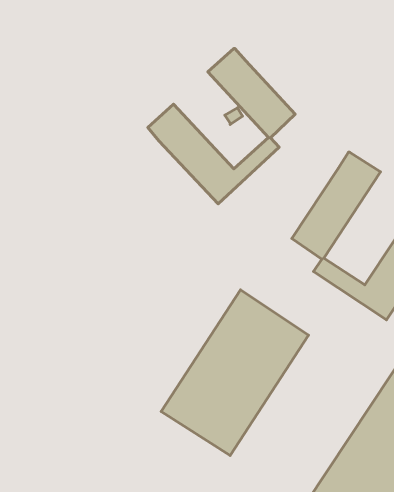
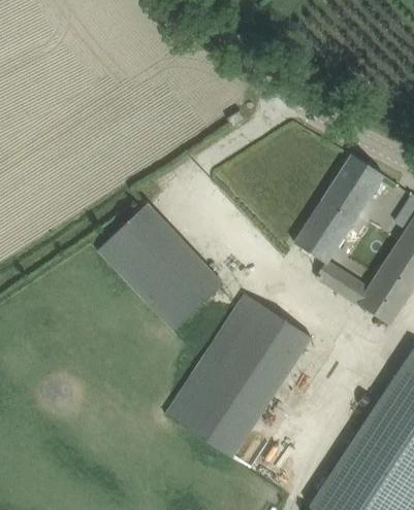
building: [148,48,295,204] -> none
building: none -> [98,203,224,332]

